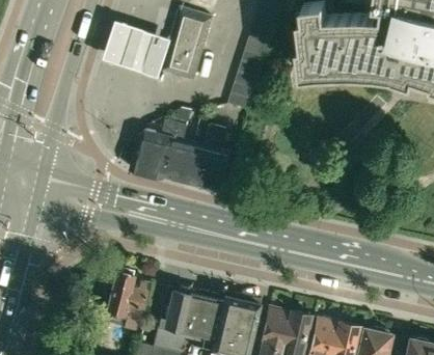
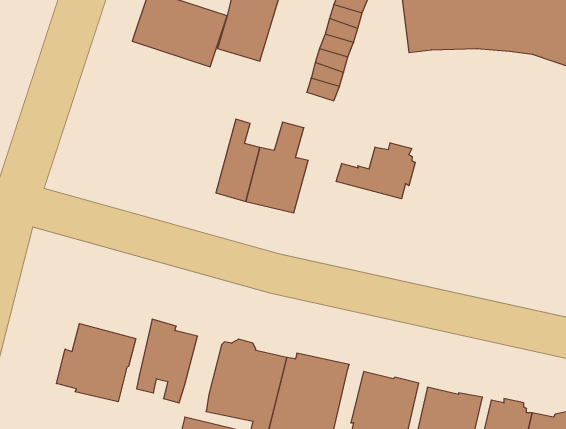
building: [130,122,177,179] -> none
building: none -> [336,143,415,199]
building: none -> [56,324,136,402]

